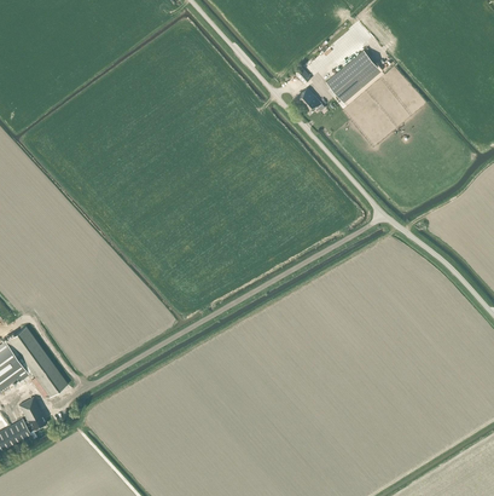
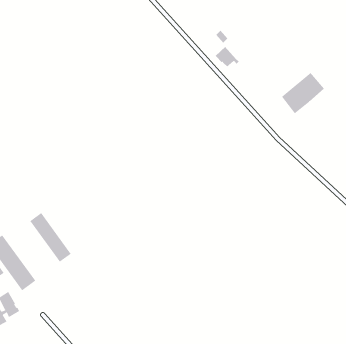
building: [326,51,382,104] -> [281,72,325,114]
building: none -> [29,212,72,263]

